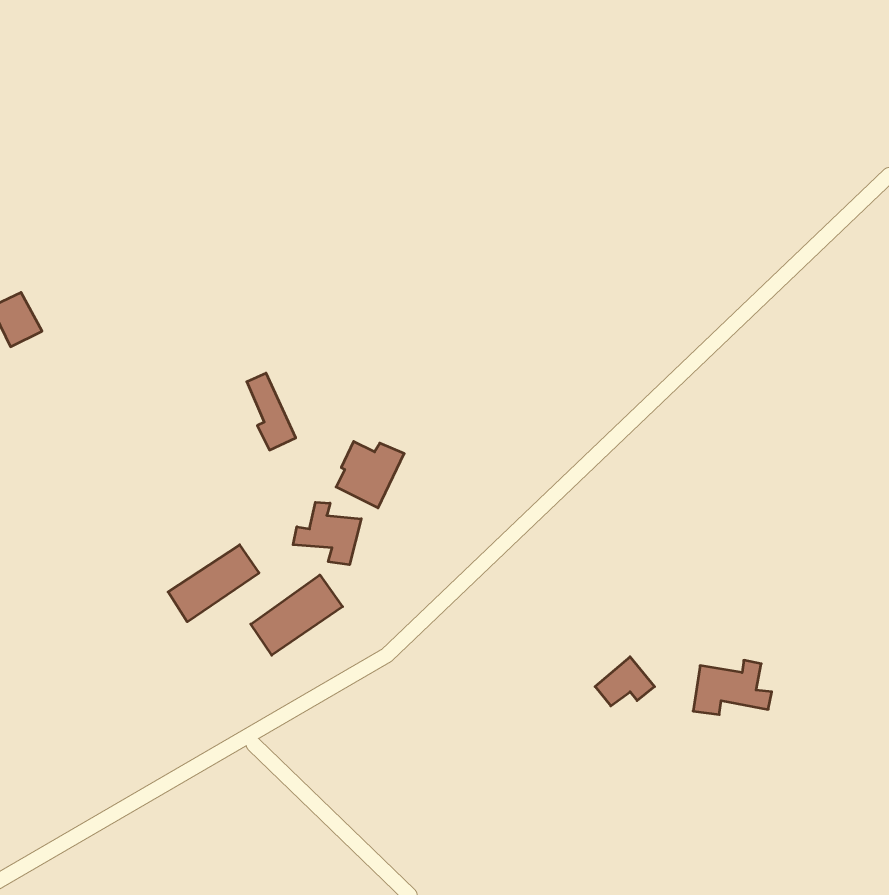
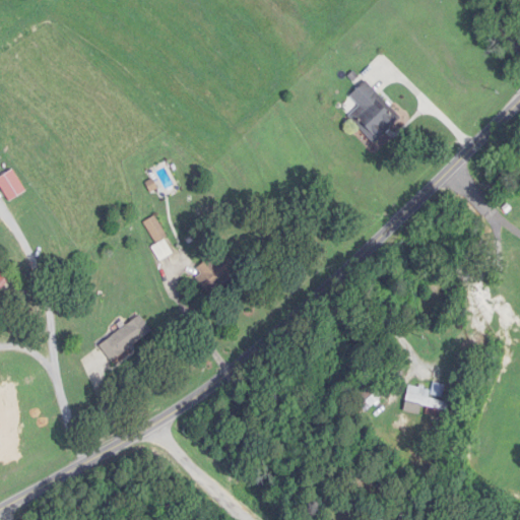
building: none -> [345,80,400,143]
building: [293,502,361,565] -> none
building: [251,575,343,655] -> none

